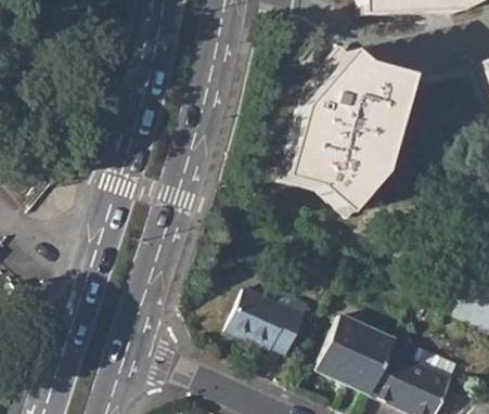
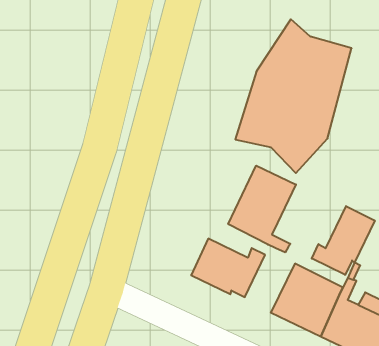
building: none -> [228,166,296,252]
building: none -> [312,206,375,275]

